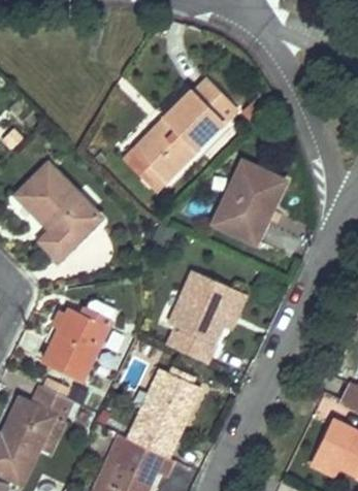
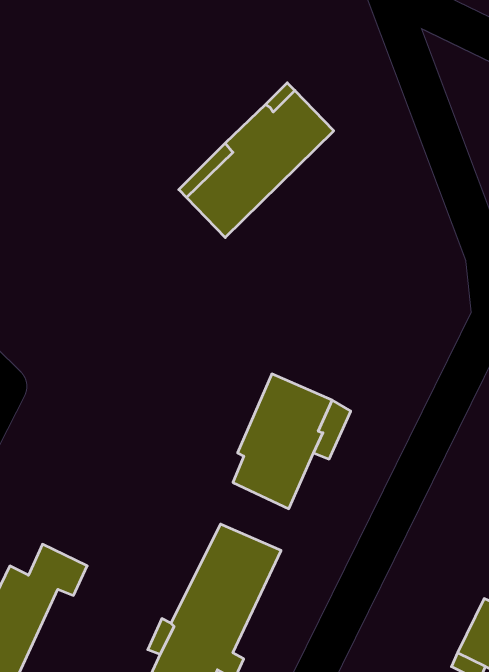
building: [214,162,283,241] -> none
building: [17,163,97,257] -> none
building: [42,307,105,382] -> none

